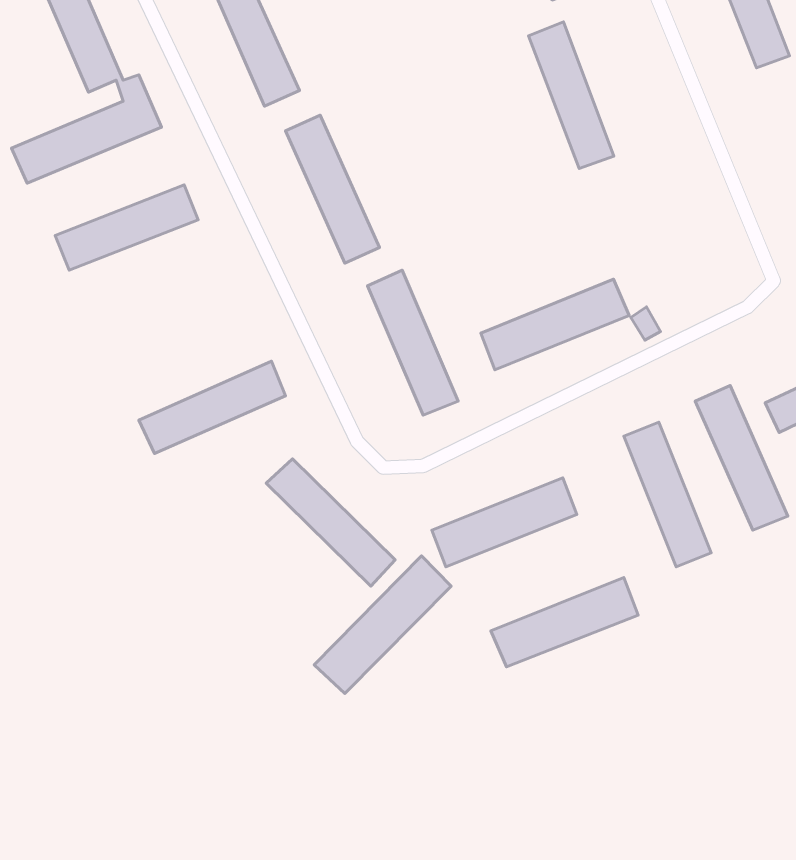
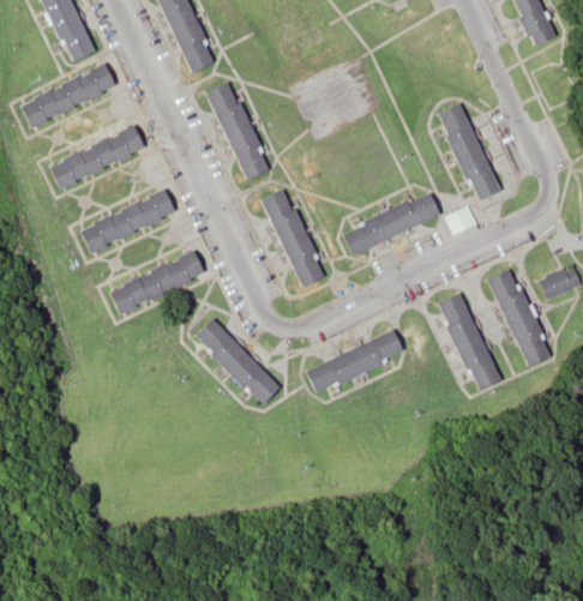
building: [529,22,614,168] -> [440,102,499,203]
building: none -> [78,190,178,253]
building: [314,556,451,693] -> none
building: [491,578,638,667] -> none

